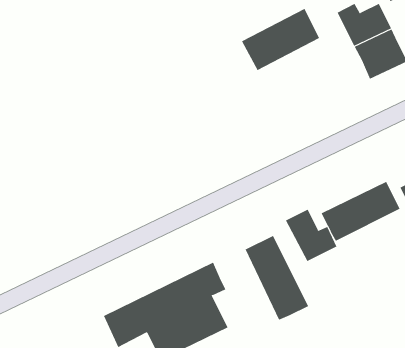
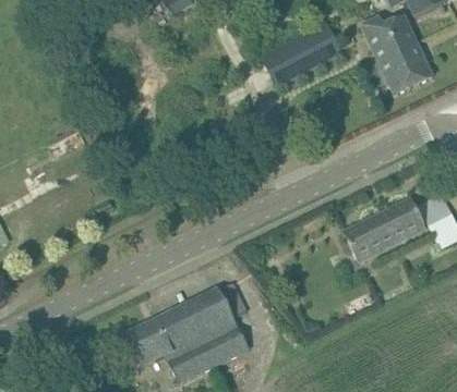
building: [285,209,337,262] -> none
building: [245,235,309,321] -> none

